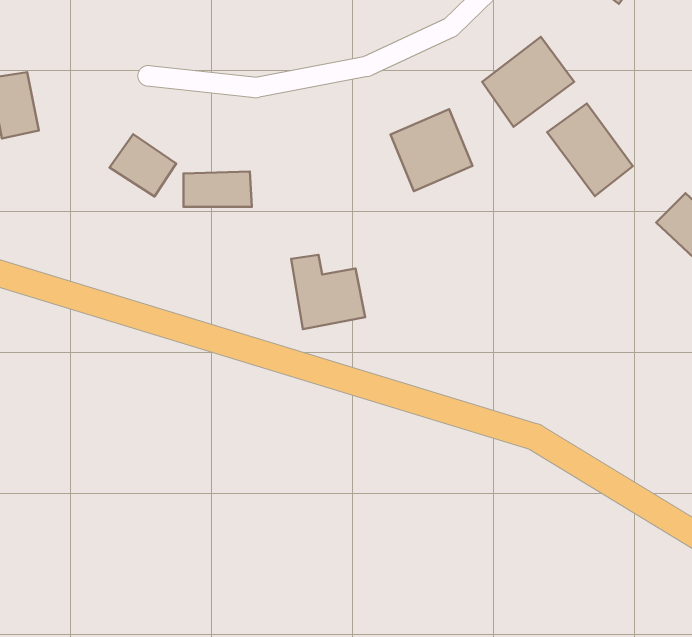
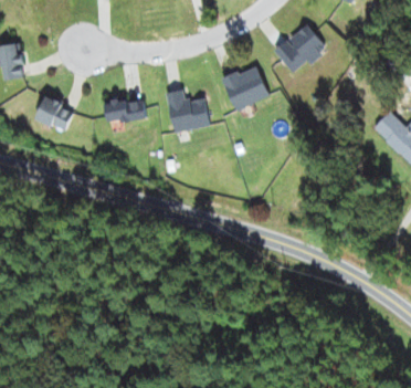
building: [547,104,633,196] -> none
building: [110,134,176,197] -> [34,95,72,130]
building: [291,255,365,329] -> [167,90,209,132]

